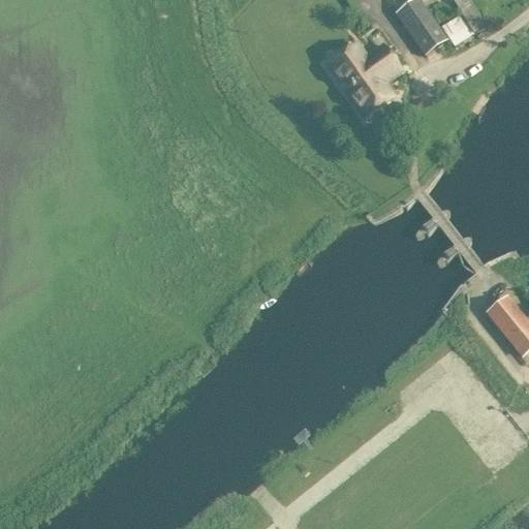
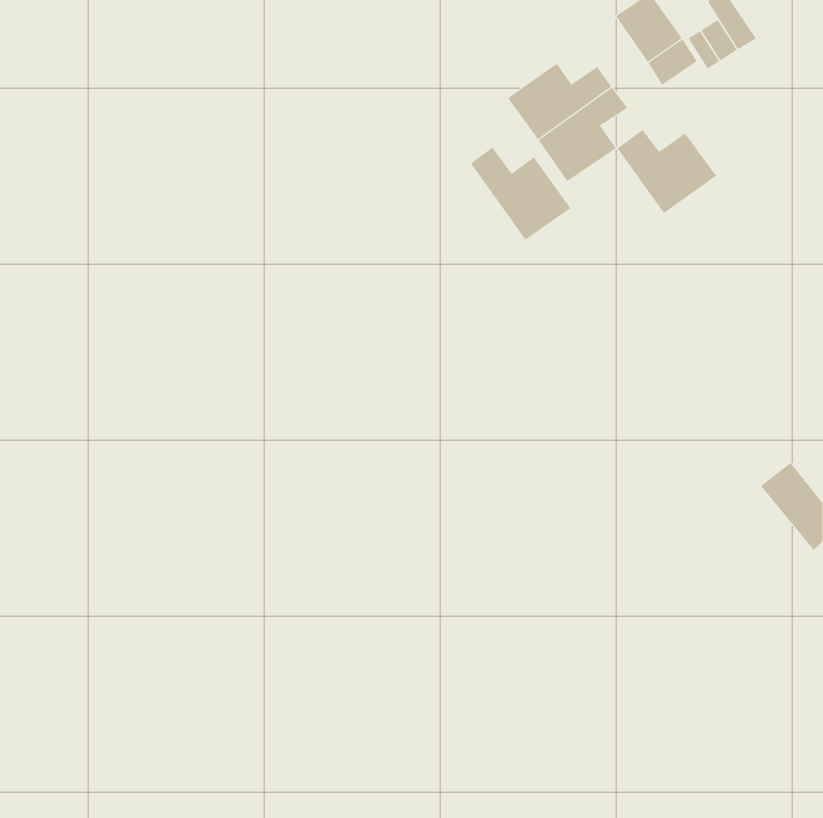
building: none -> [617,129,717,214]
building: none -> [470,147,571,241]

